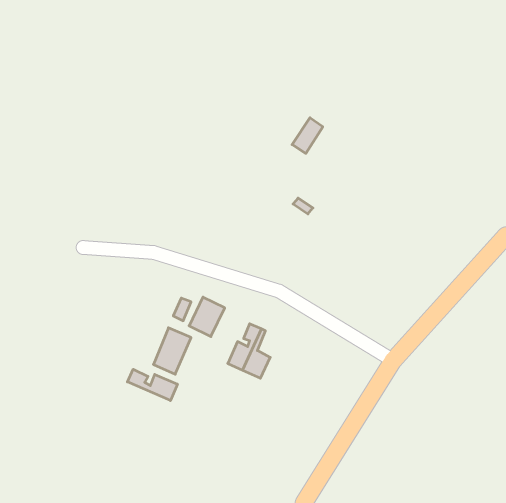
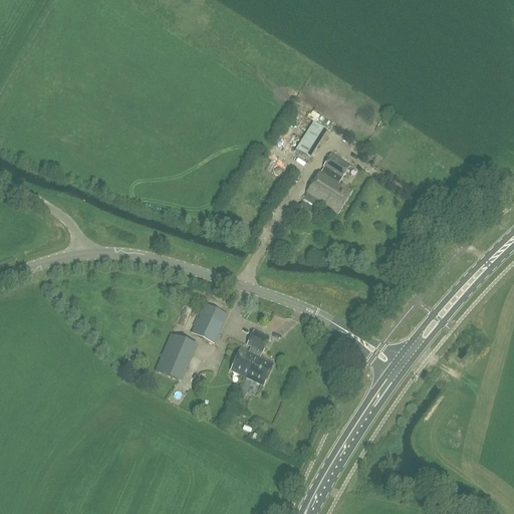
building: none -> [307,152,352,210]
building: [127,369,177,401] -> none

